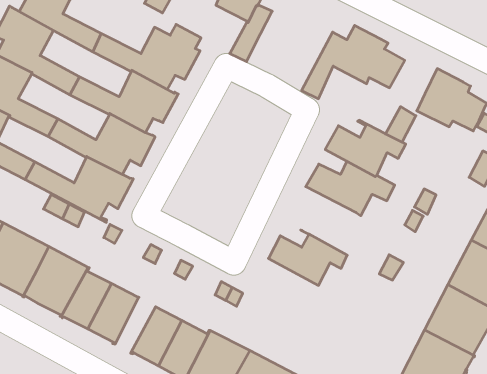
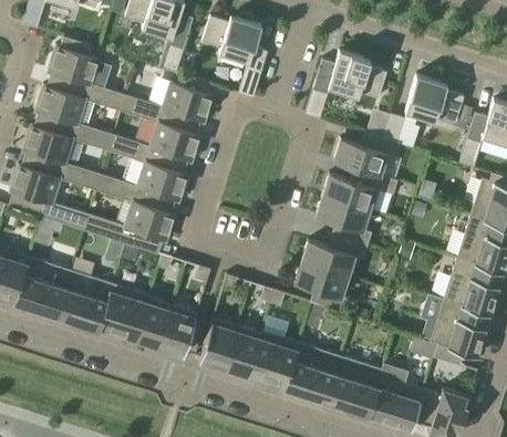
building: none -> [315,196,372,248]
building: none -> [294,262,351,315]

